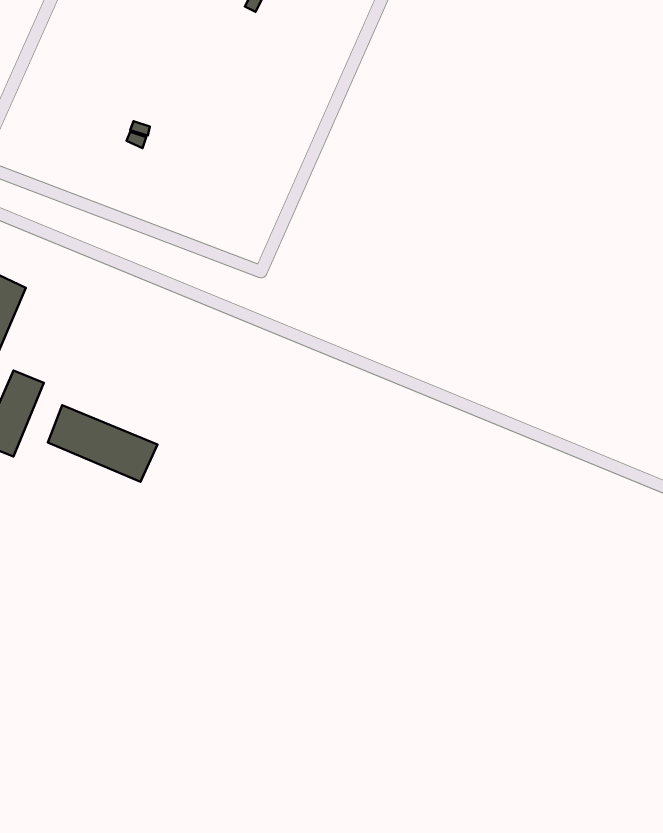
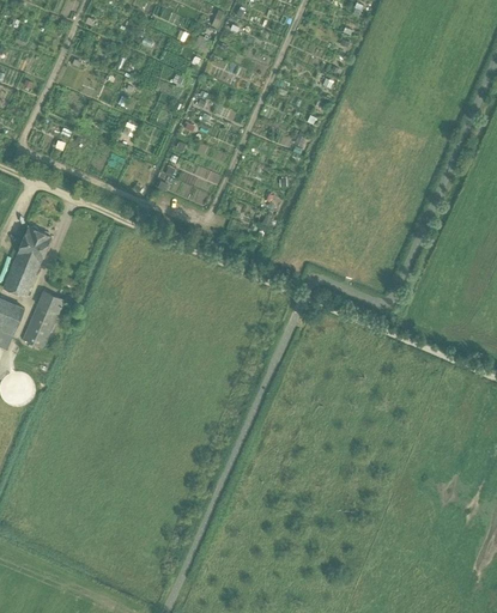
building: [48,405,158,482] -> none

